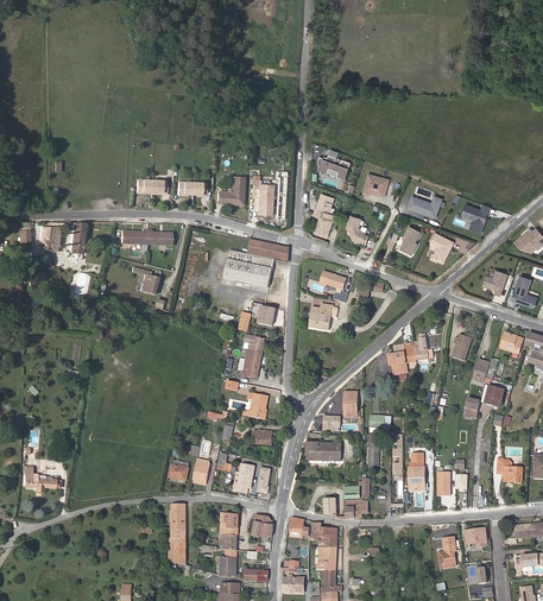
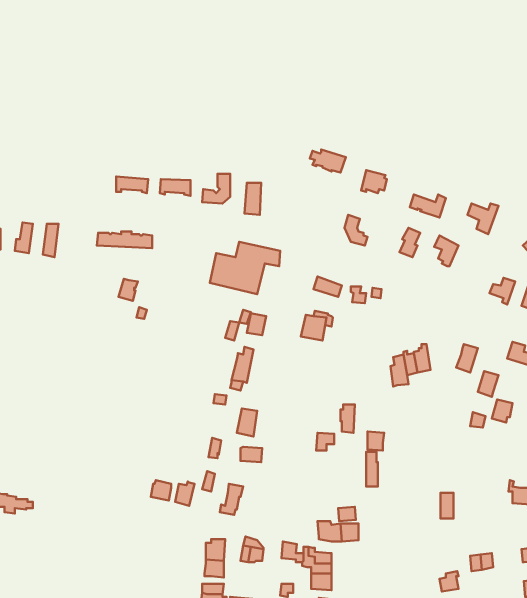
building: [315,194,336,236] -> none
building: [304,442,341,460] -> none
building: [408,454,425,491] -> none
building: [168,504,185,564] -> none

